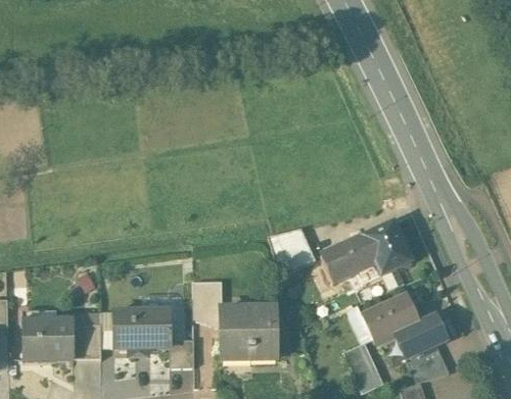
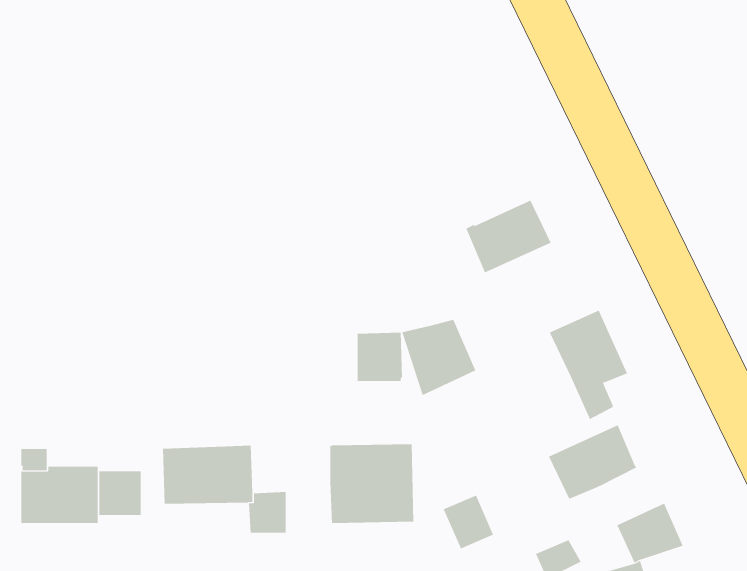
building: [321,237,376,284] -> [465,200,551,273]
building: [193,279,223,310] -> [357,332,403,382]
building: [394,314,447,359] -> none
building: [342,343,375,378] -> [443,495,494,549]

